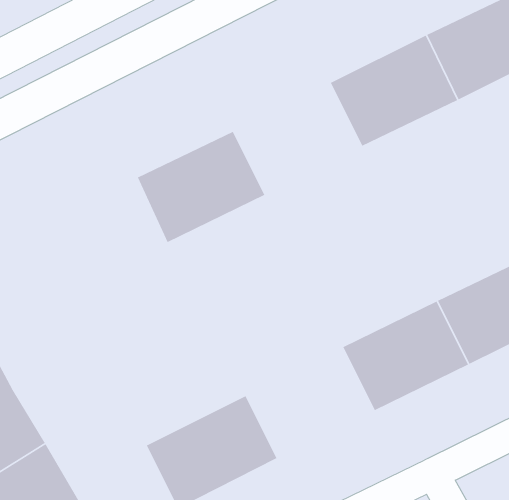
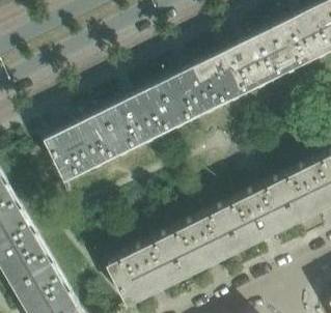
building: none -> [159,56,233,121]
building: none -> [46,111,120,177]
building: none -> [166,209,241,275]

